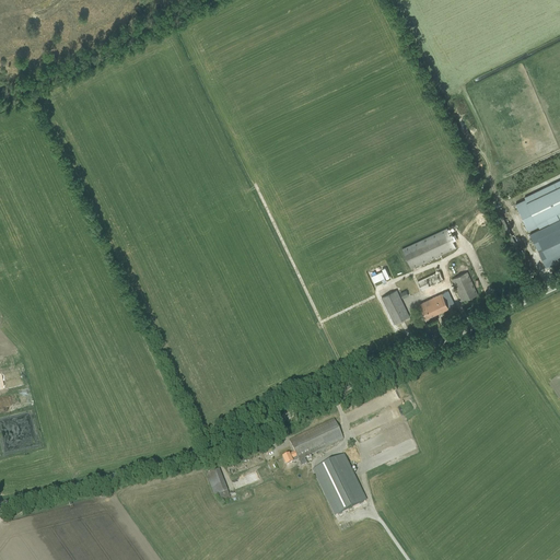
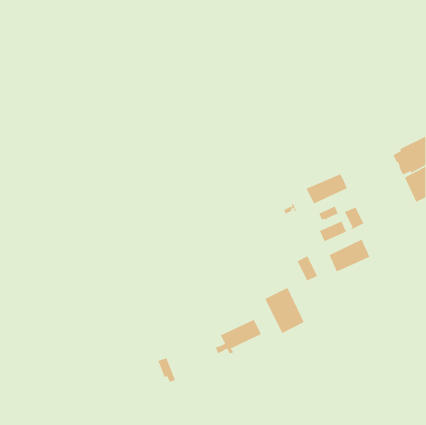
building: [382,289,409,323] -> [297,255,318,281]
building: none -> [329,239,370,272]
building: [313,454,365,515] -> [264,287,304,334]

